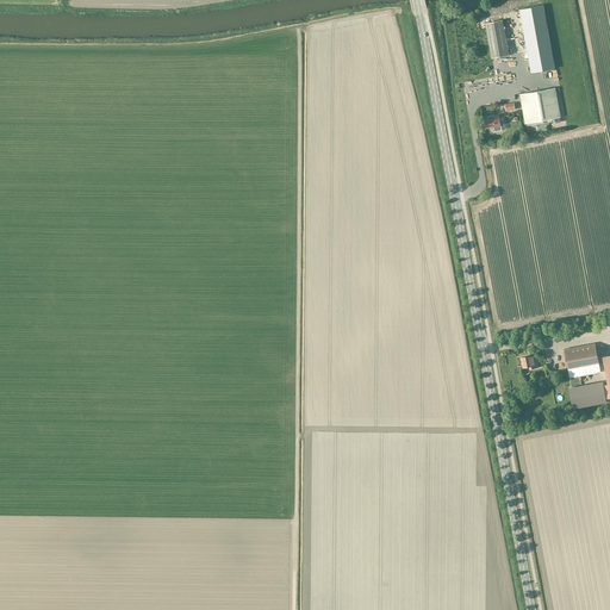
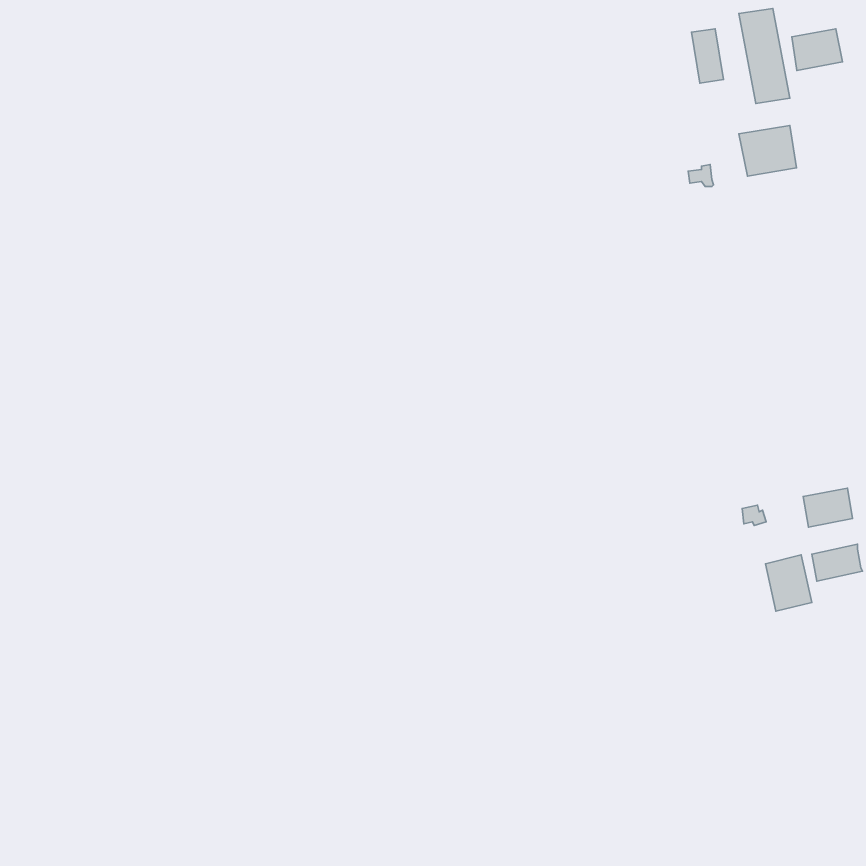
building: none -> [792,29,842,70]
building: none -> [765,555,812,611]

